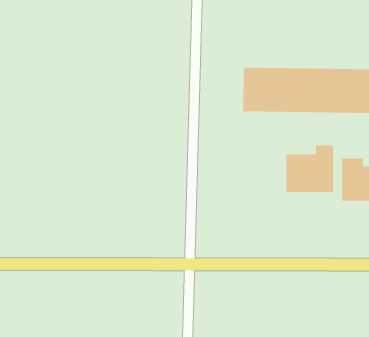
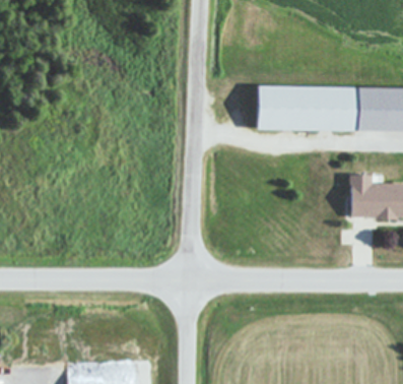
building: [286,144,333,193] -> none

